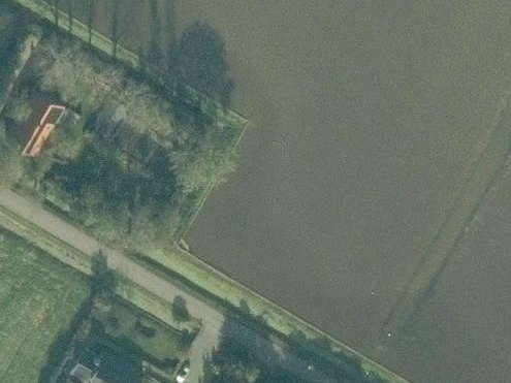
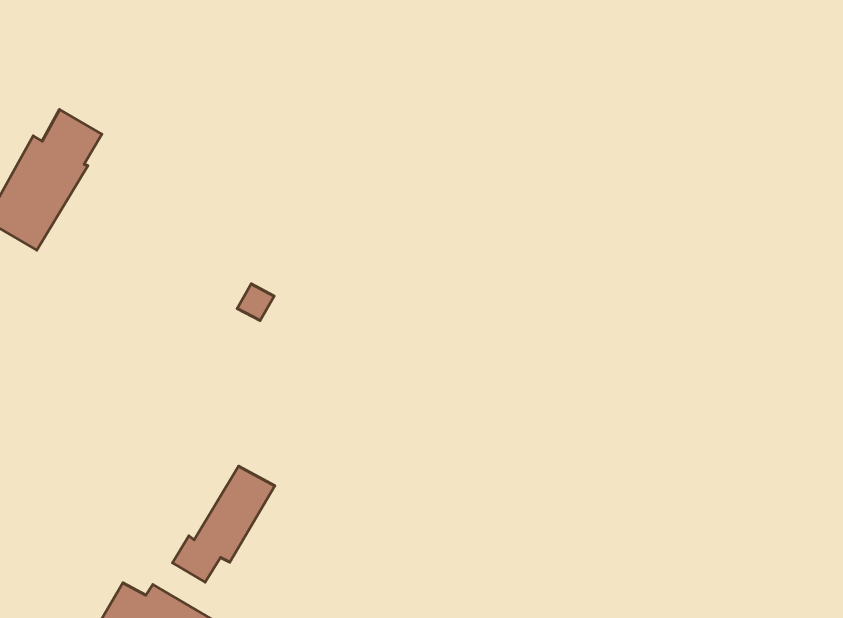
building: none -> [173,466,275,582]

